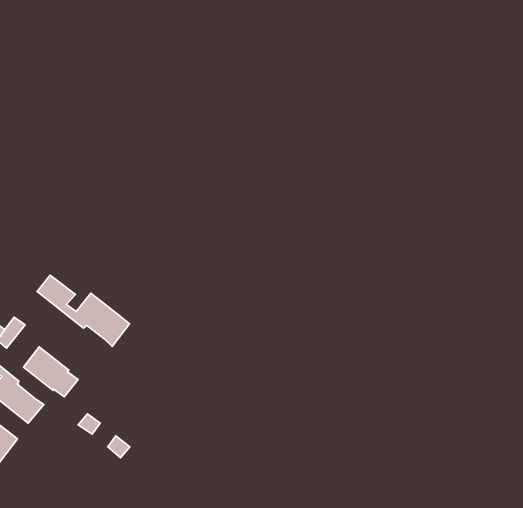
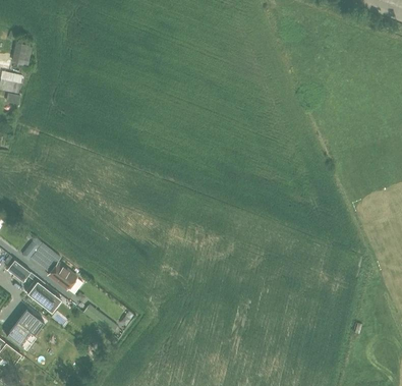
building: [37,275,130,347] -> none

